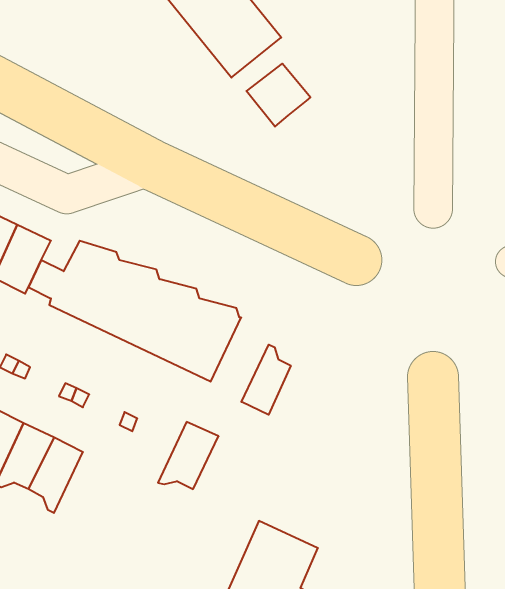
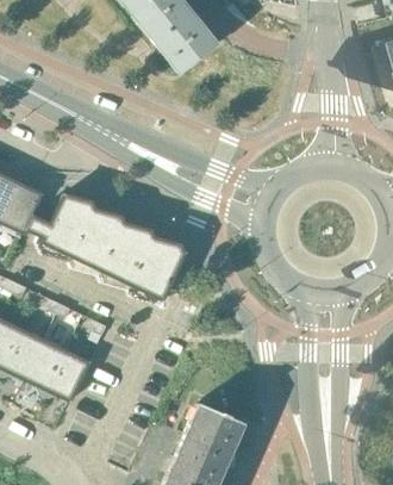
building: [246,64,310,127] -> none
building: [241,345,291,415] -> none
building: [158,422,219,489] -> [44,348,89,398]

